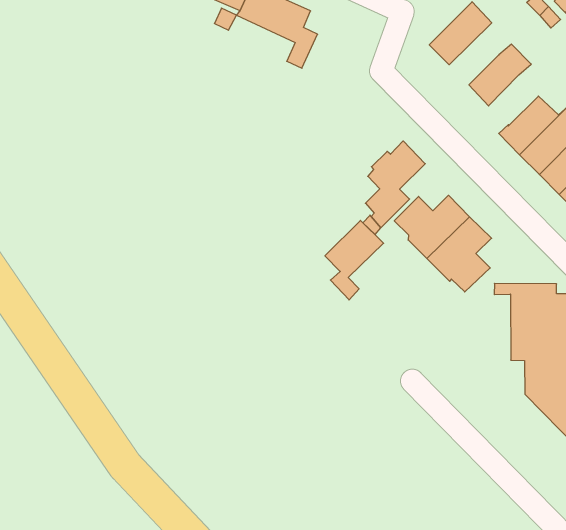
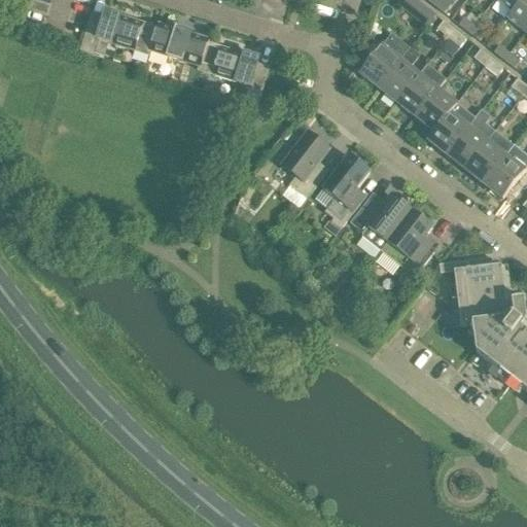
building: none -> [380,47,420,101]
building: none -> [417,87,457,131]
building: [325,220,384,300] -> [283,131,330,198]

